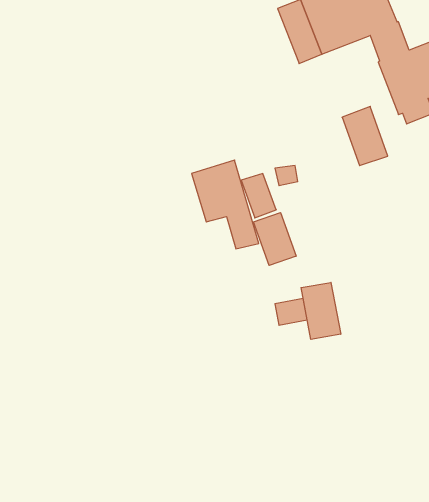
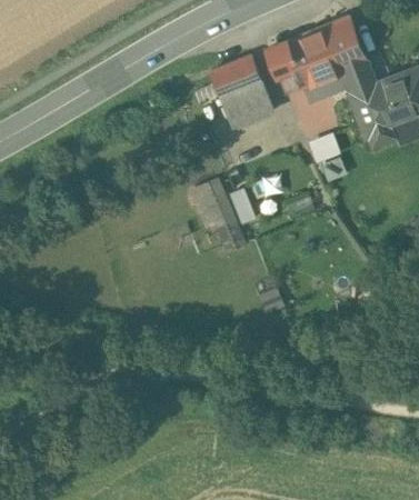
building: none -> [208,56,271,129]
building: [254,213,296,265] -> none
building: [301,282,341,339] -> none

